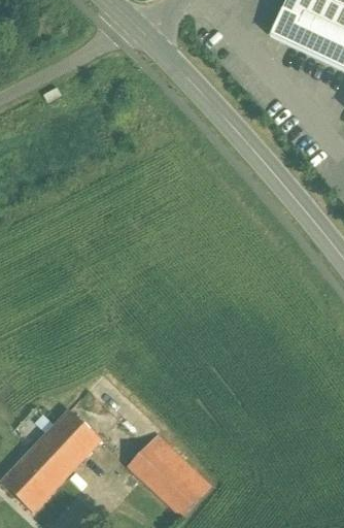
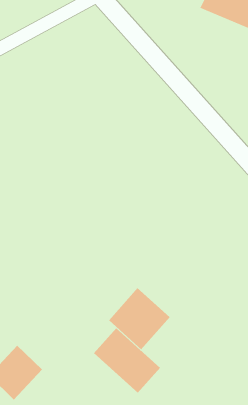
building: none -> [108,287,170,350]
building: [39,407,105,472] -> none

